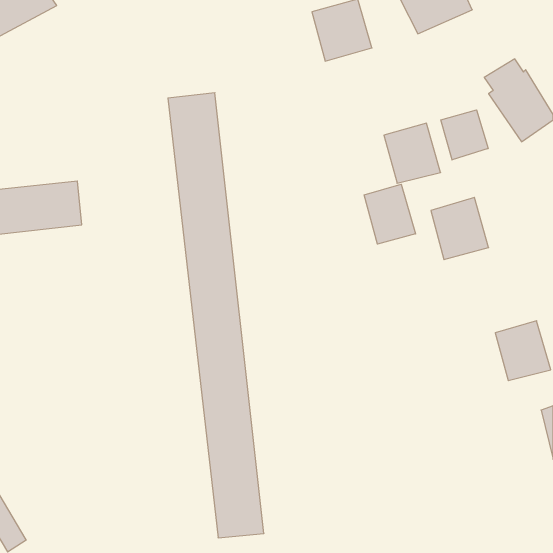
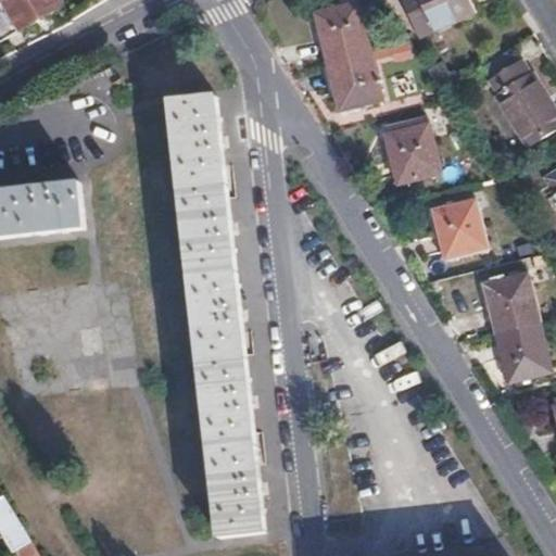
building: none -> [324,48,383,109]
building: [441,110,488,160] -> none
building: [364,184,416,244] -> none
building: none -> [480,271,534,331]

